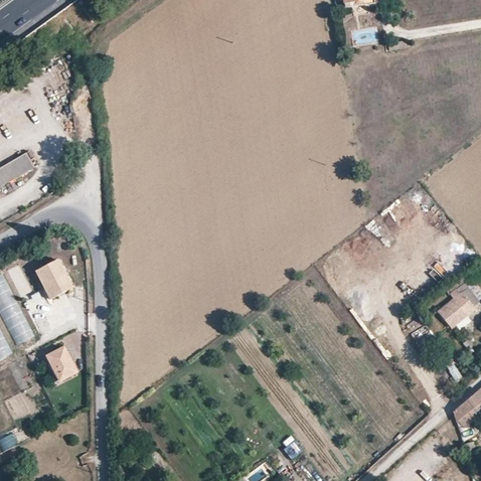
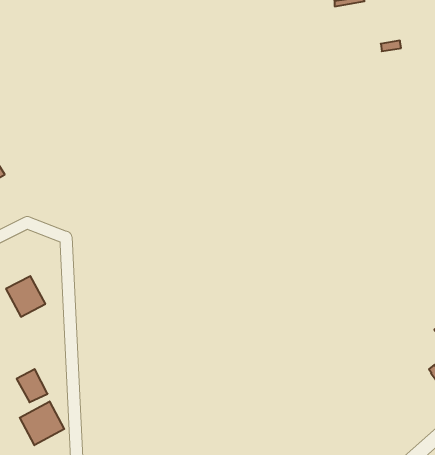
building: none -> [20,401,64,445]

